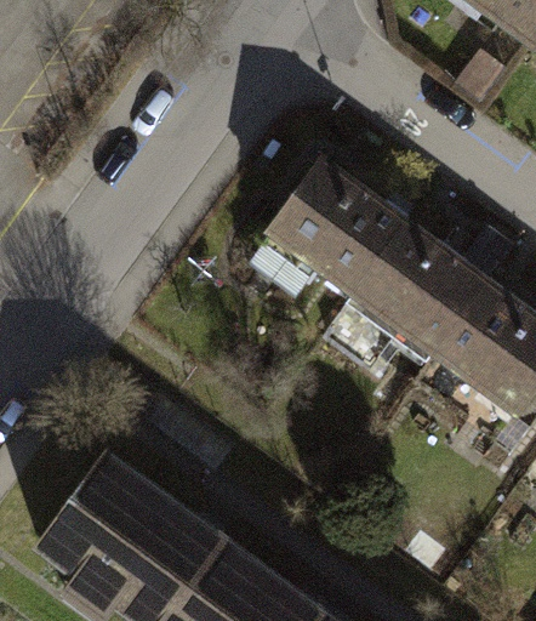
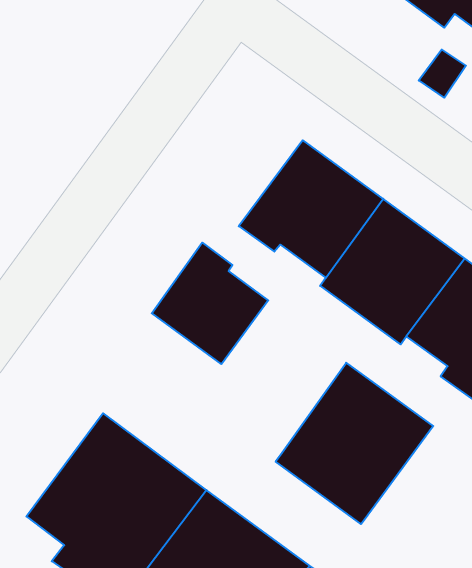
building: none -> [152,243,268,364]
building: none -> [276,363,433,524]

